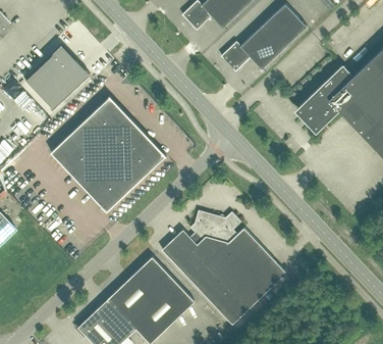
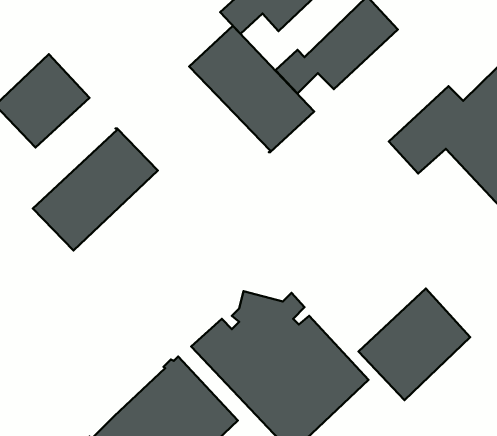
building: none -> [189,26,314,152]
building: [79,126,167,211] -> none
building: none -> [359,289,470,400]

